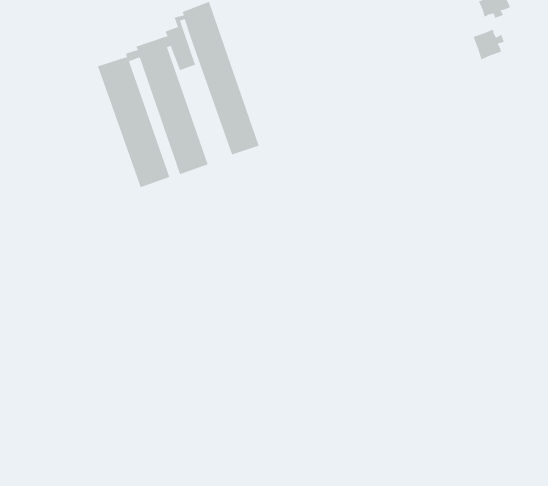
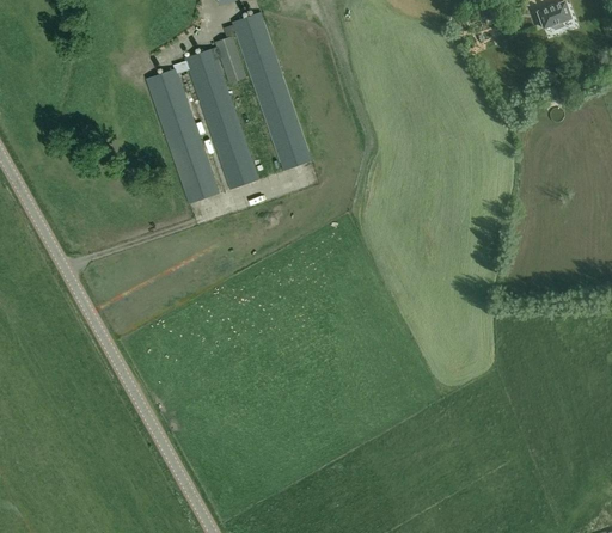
building: [473,29,505,60] -> none

